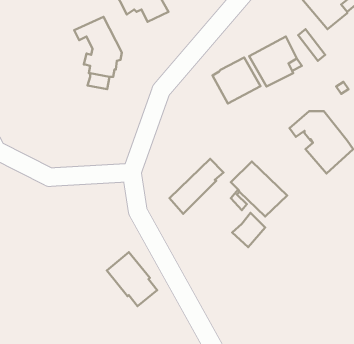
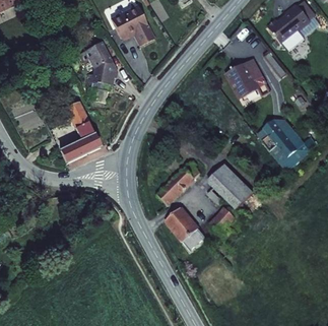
building: [212,57,260,103] -> none
building: none -> [59,101,102,166]
building: [107,252,157,306] -> [165,204,206,249]

